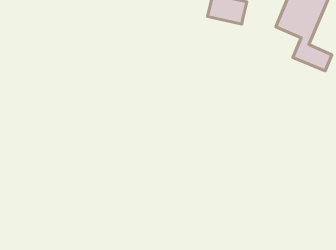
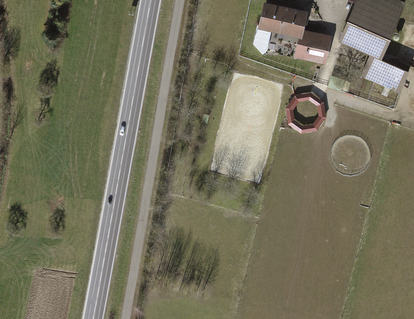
building: none -> [295,31,326,61]

